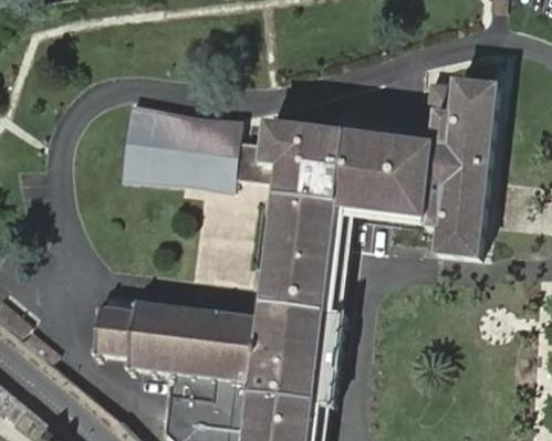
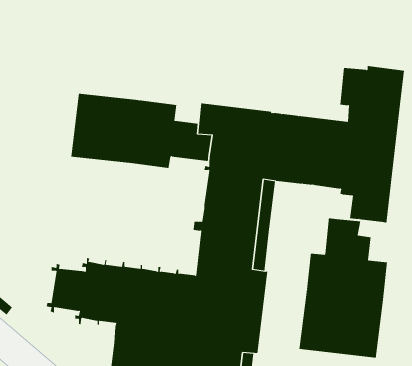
building: none -> [299,218,388,359]

